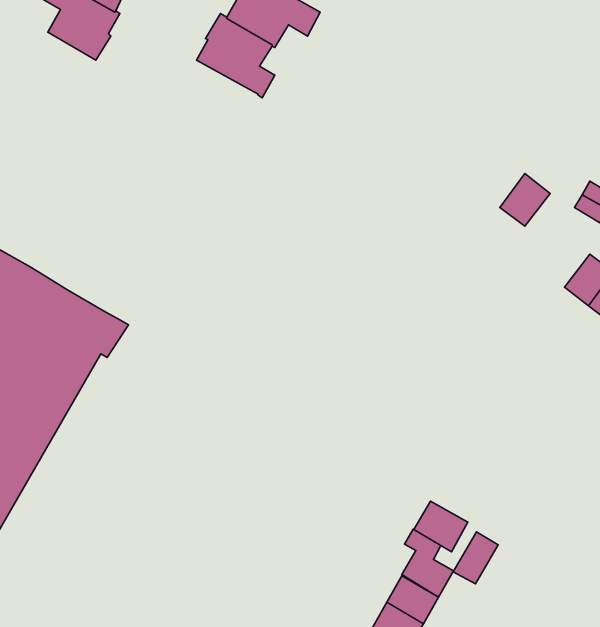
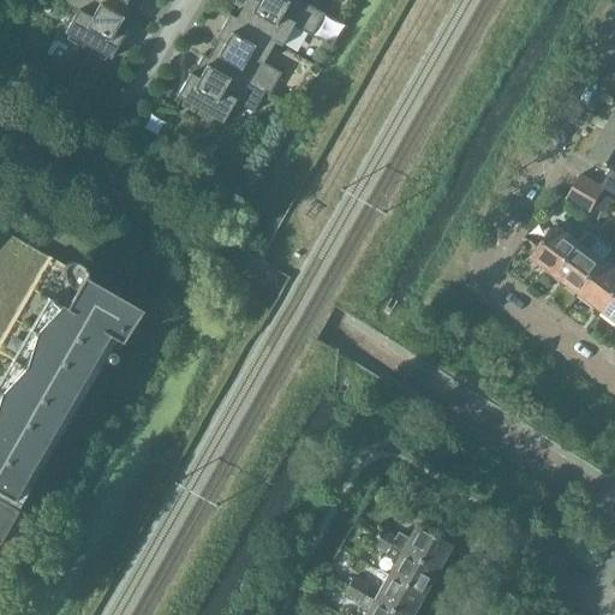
building: none -> [177,56,265,125]
building: [500,173,550,226] -> [533,226,581,276]
building: [414,501,468,552] -> none
building: [453,532,498,584] -> none

